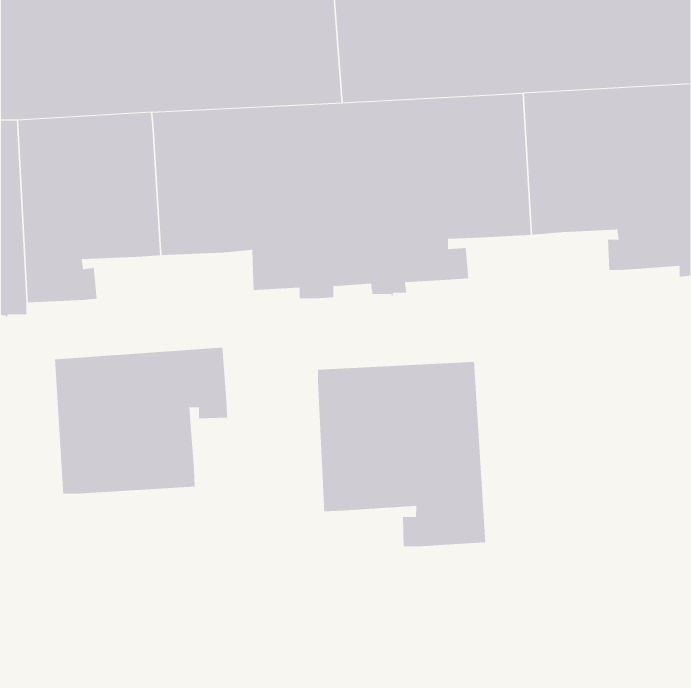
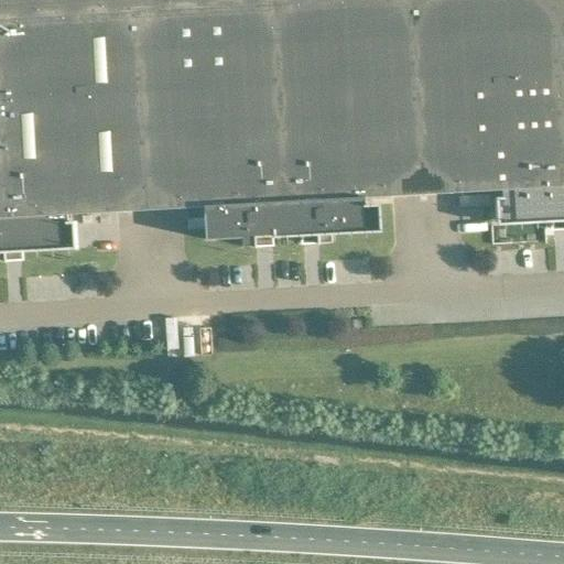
building: [55,347,227,495] -> none
building: [317,361,486,547] -> none

